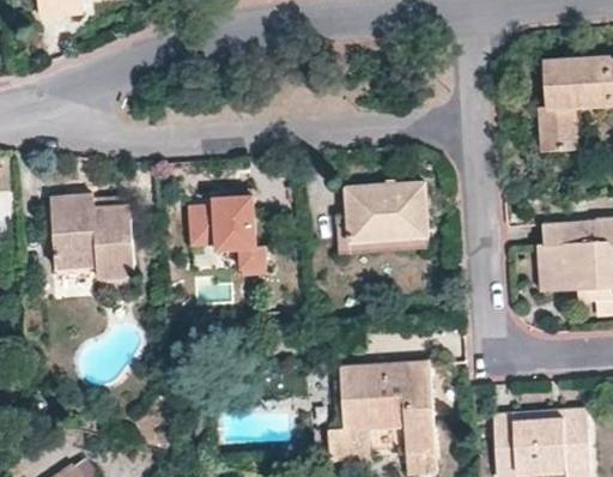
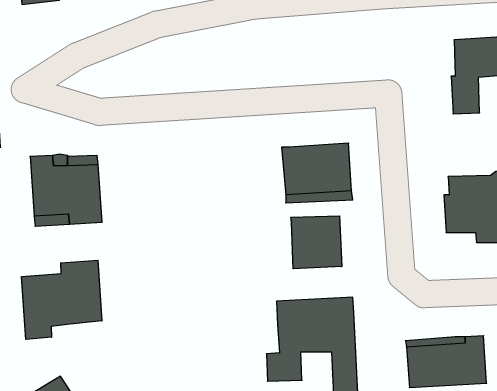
building: [190,194,269,273] -> none
building: none -> [291,216,342,269]
building: none -> [22,260,102,339]

